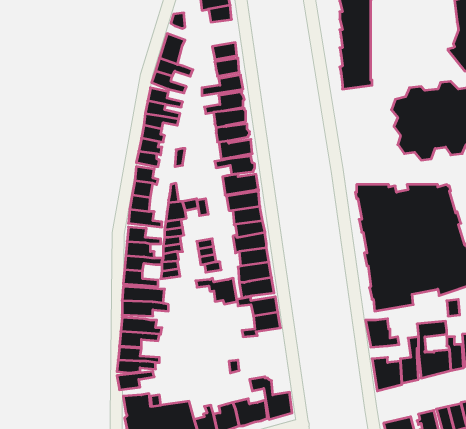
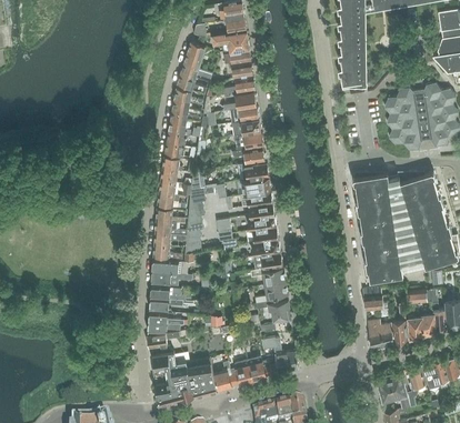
building: none -> [211,31,249,52]
building: [196,278,237,304] -> [256,300,291,322]

